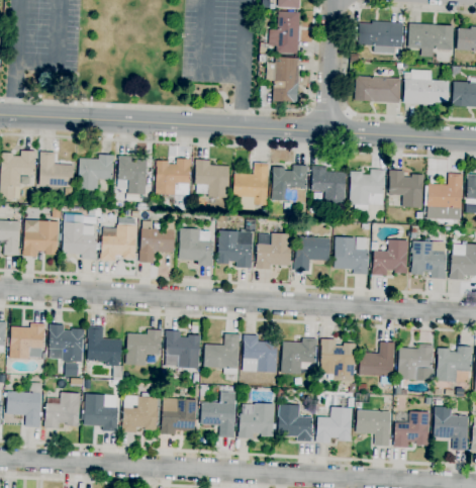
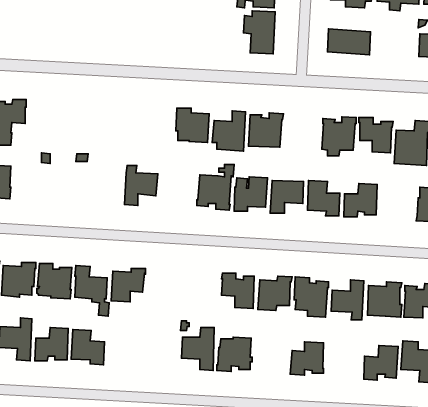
building: [404,70,450,104] -> none
building: [39,152,75,187] -> none
building: [78,155,114,191] -> none
building: [118,156,148,194] -> none
building: [156,158,192,194] -> none
building: [311,166,347,203] -> none
building: [63,214,97,260] -> none
building: [23,220,60,257] -> none
building: [101,225,136,261] -> none
building: [180,228,214,266] -> none
building: [411,240,447,279] -> none
building: [165,330,202,369] -> none
building: [204,333,241,374] -> none
building: [122,395,159,432] -> none
building: [162,398,197,434] -> none
building: [278,404,313,442] -> none
building: [357,410,390,446] -> none

